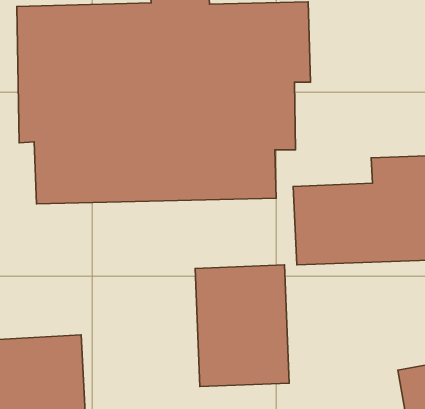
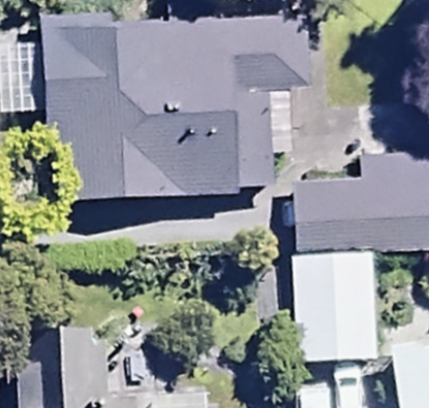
building: [195,265,289,387] -> [293,255,377,365]

